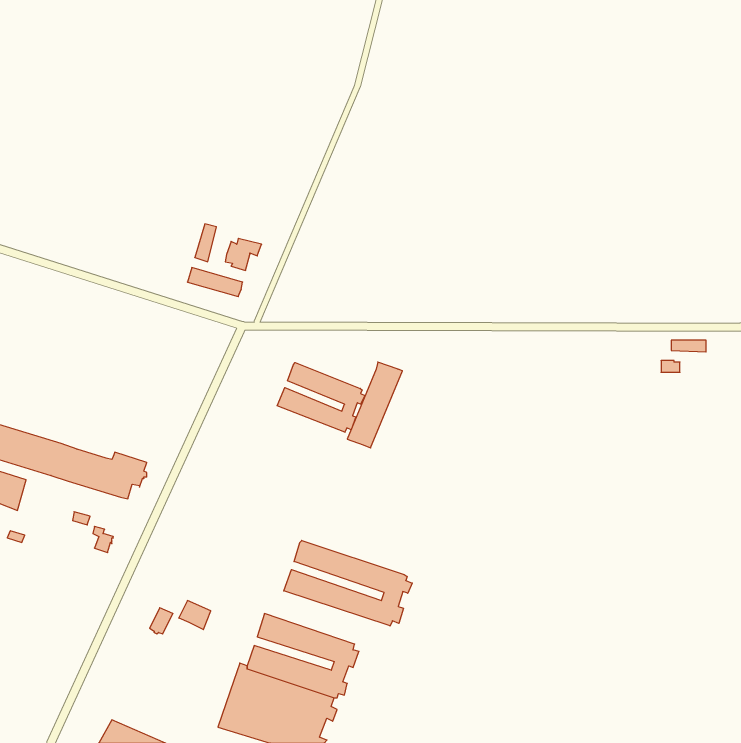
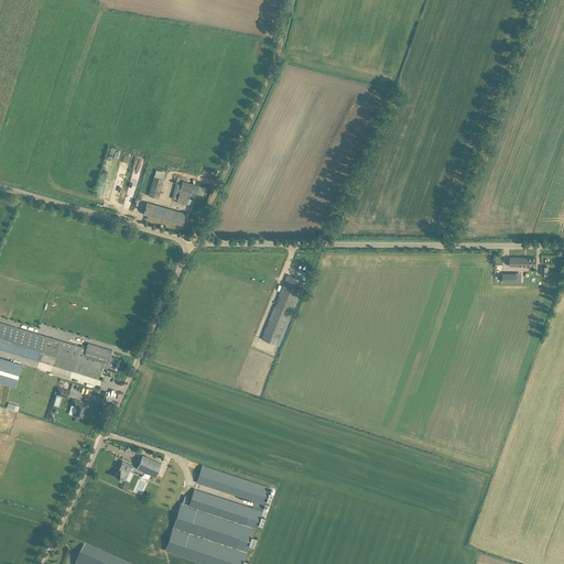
building: [277,363,365,432] -> none
building: [284,540,412,626] -> none

